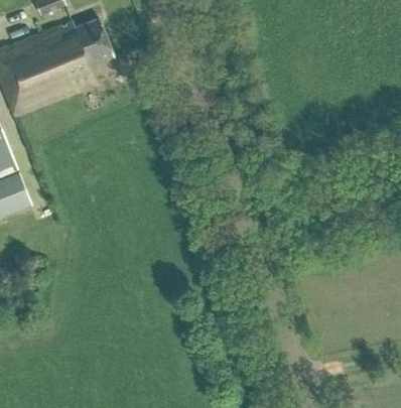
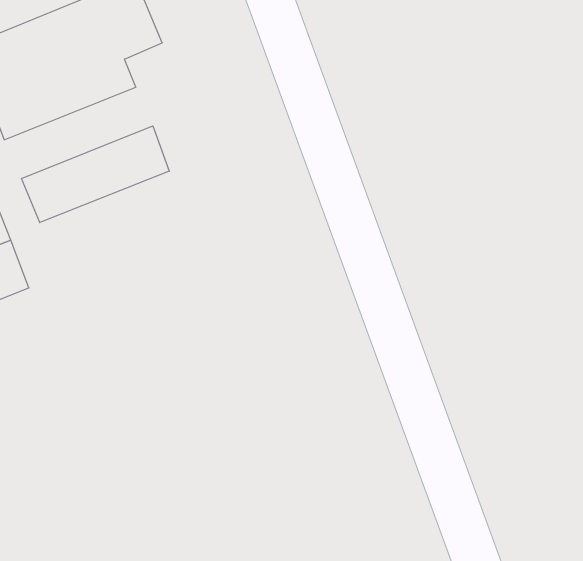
building: none -> [22,126,169,223]

